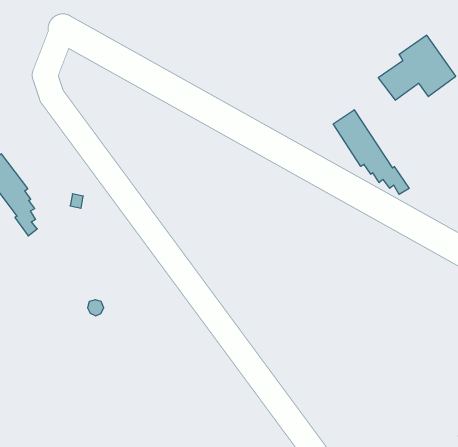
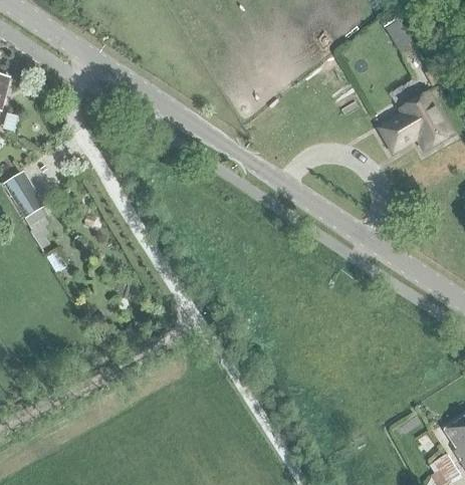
building: [333,110,409,194] -> none

